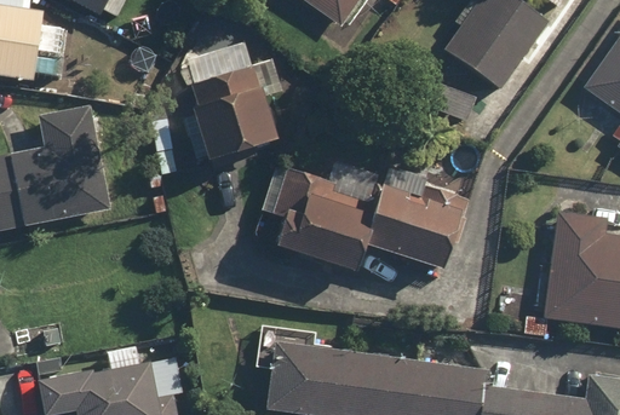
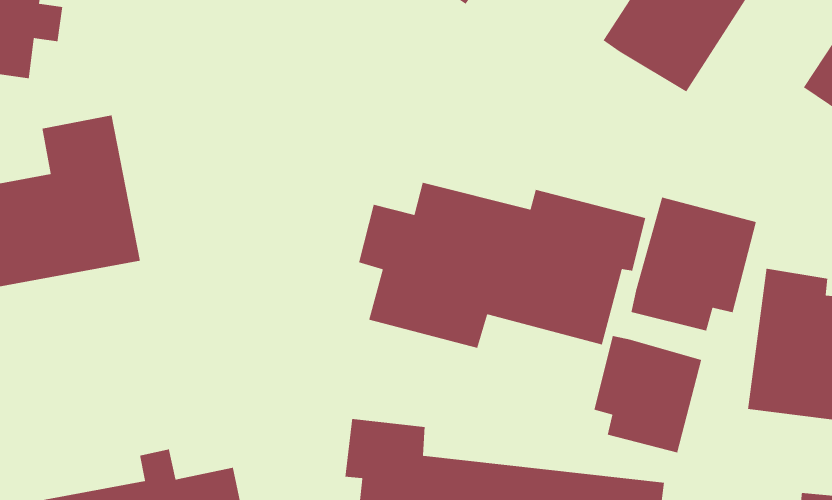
building: [183,44,283,161] -> none
building: none -> [630,197,757,331]
building: none -> [594,335,702,453]

